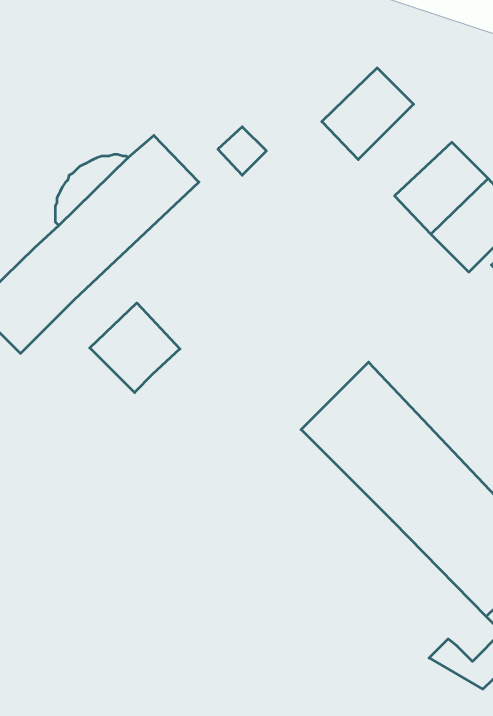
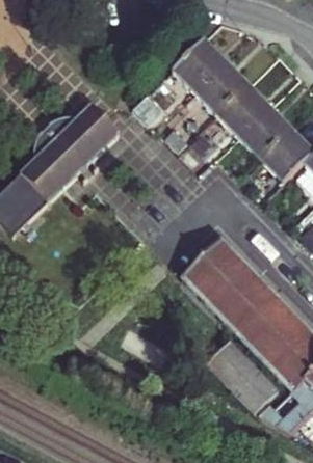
building: none -> [172,38,228,93]
building: none -> [216,83,272,138]
building: [90,303,180,393] -> none
building: none -> [208,339,280,411]

